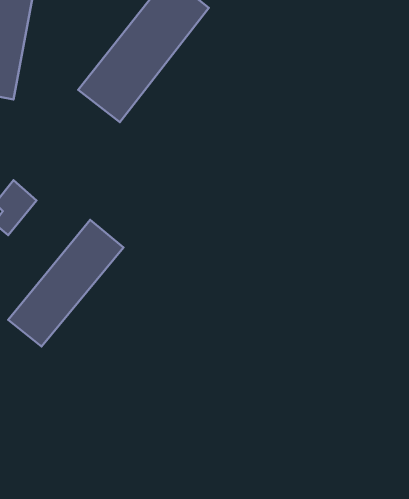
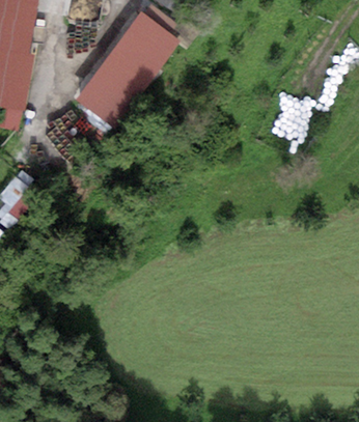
building: [8,220,123,346] -> none

